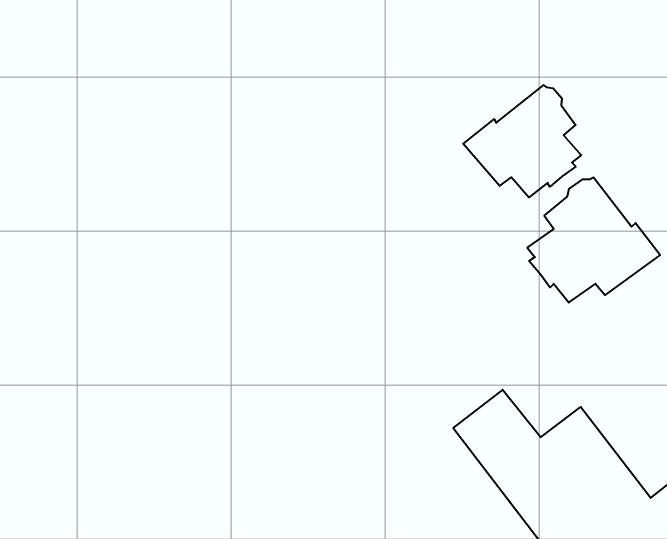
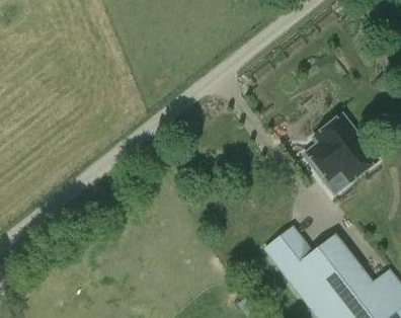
building: [463,85,581,197] -> none

